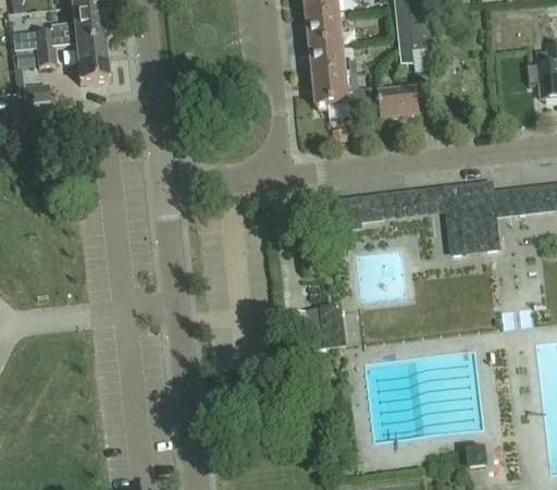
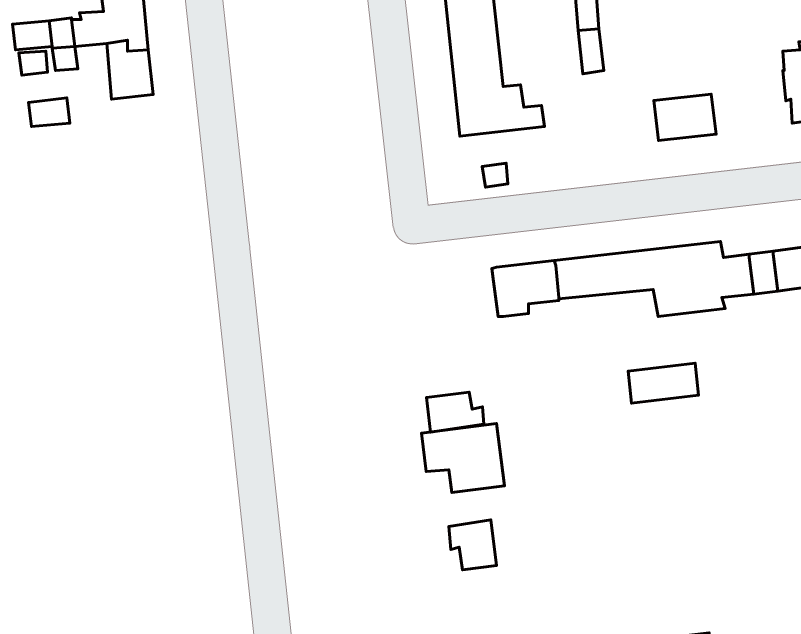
building: [379,85,421,117] -> [654,94,716,140]
building: [451,224,499,252] -> [628,363,699,403]
building: none -> [427,392,484,432]
building: none -> [449,520,496,570]

